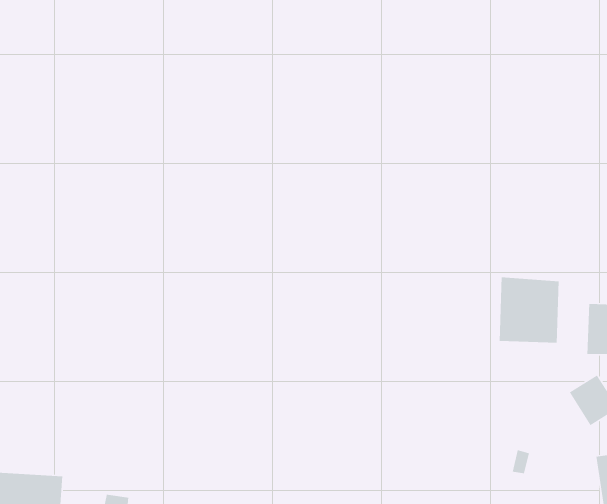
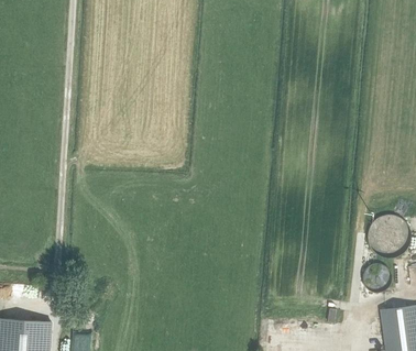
building: [499,276,560,344] -> none

